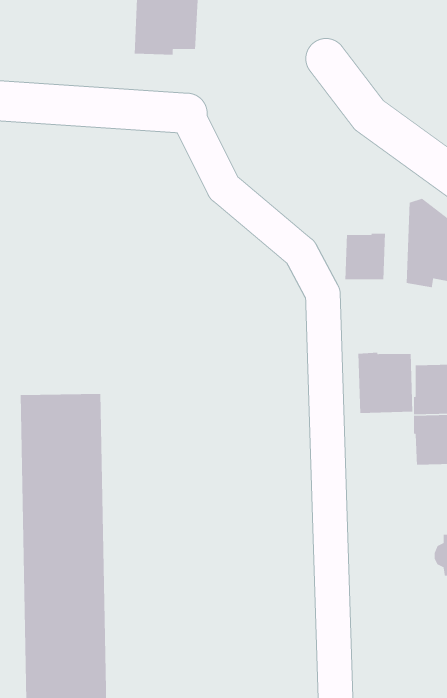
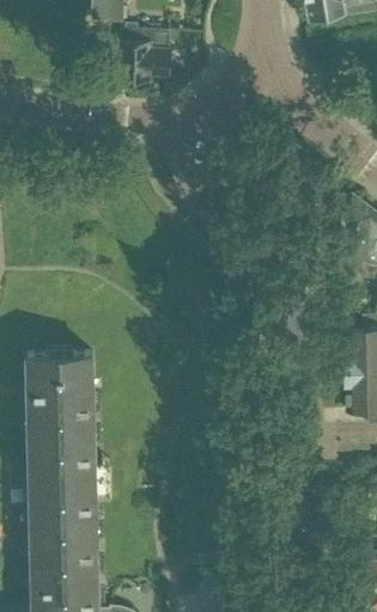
building: [345,233,386,280] -> none
building: [358,352,413,414] -> none

